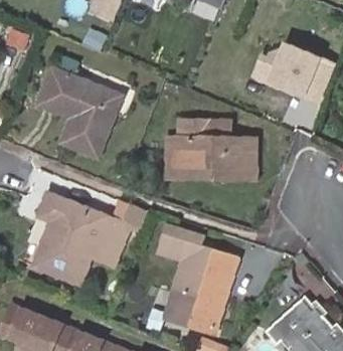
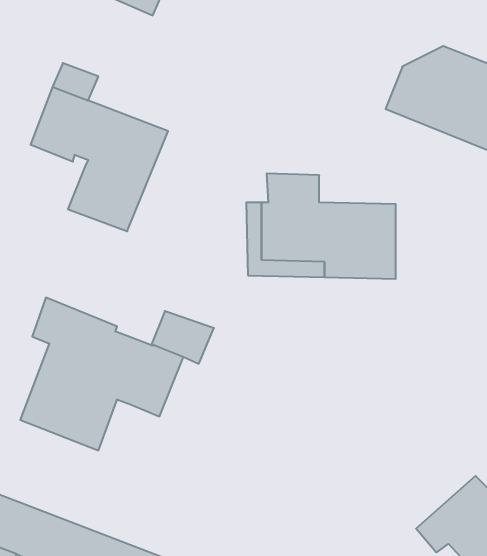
building: [159,222,238,330] -> none

